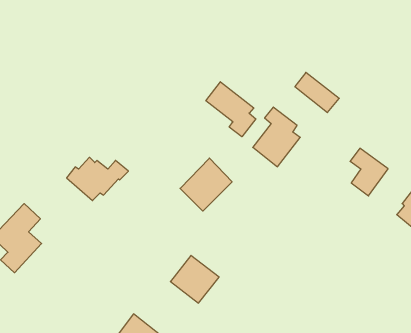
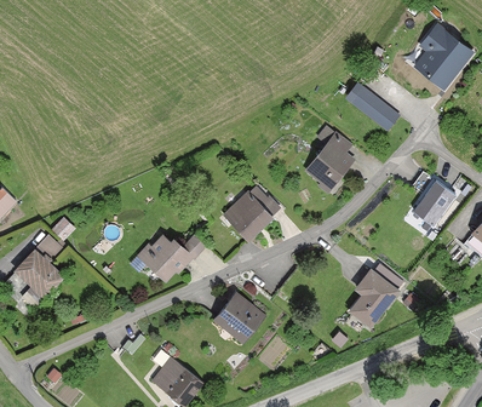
building: none -> [413,21,475,88]
building: [206,82,256,137] -> none
building: [67,157,128,201] -> [137,231,206,280]
building: none -> [346,266,400,327]

